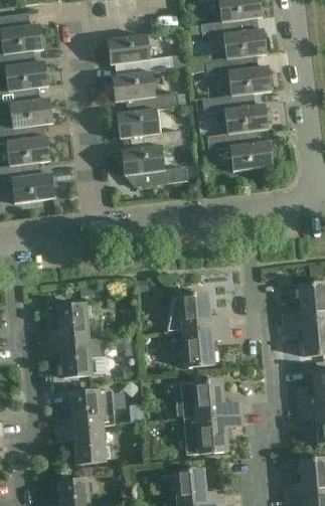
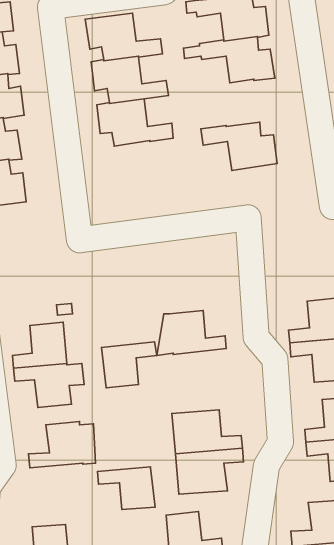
building: [201,92,267,133] -> none
building: [120,145,187,187] -> none
building: [181,326,229,366] -> [101,342,157,388]
building: [56,426,107,463] -> [97,467,155,510]

